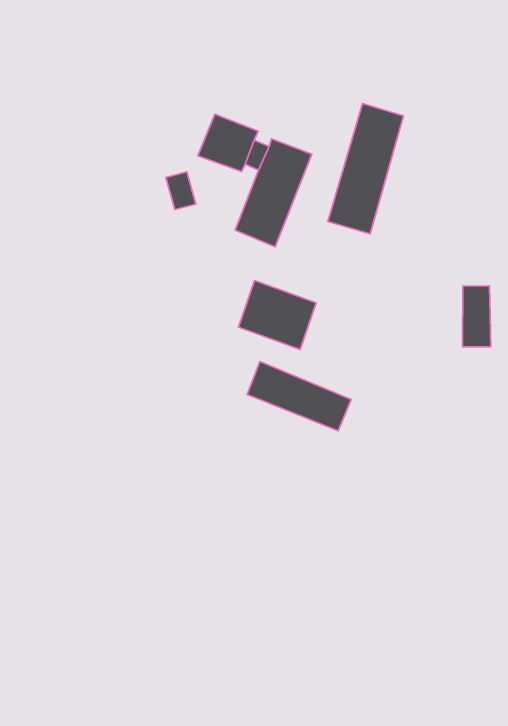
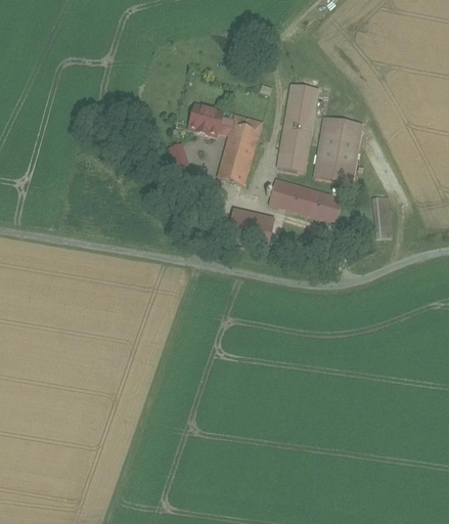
building: none -> [314,118,361,183]
building: [247,362,351,431] -> [271,179,340,219]

